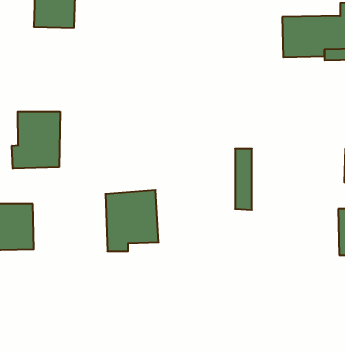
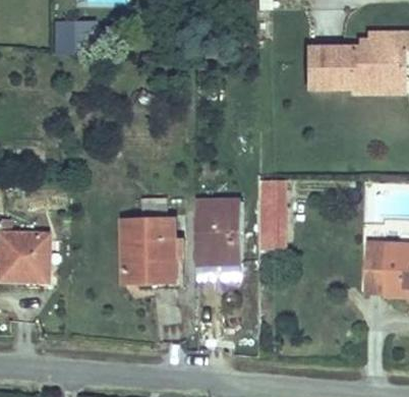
building: [12,112,60,169] -> none
building: none -> [197,202,244,275]

